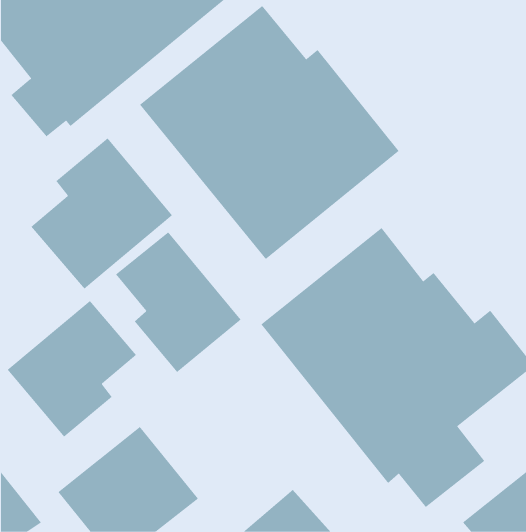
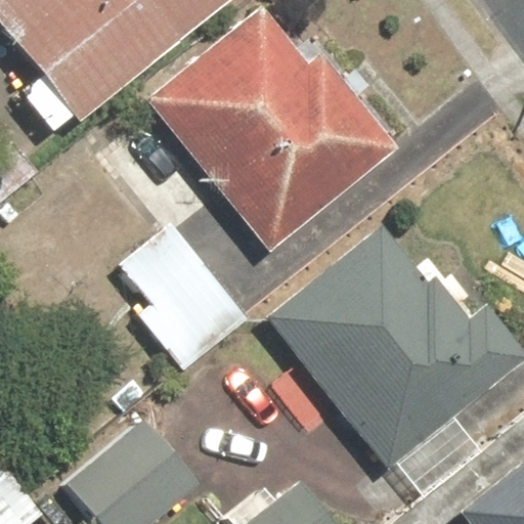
building: [30,138,173,289] -> none
building: [7,300,137,437] -> none

